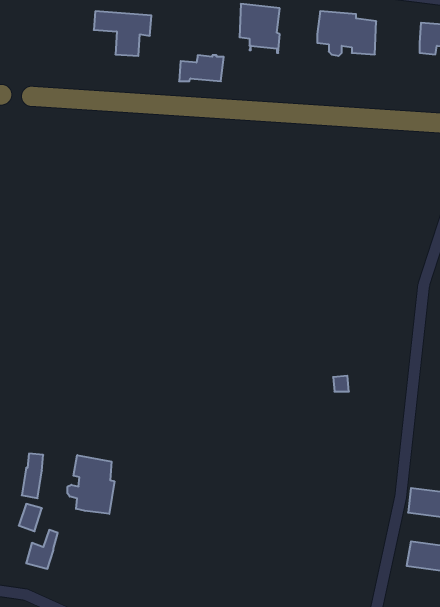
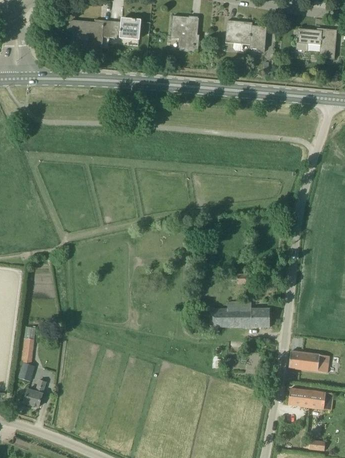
building: [179,55,224,81] -> [109,19,140,37]
building: none -> [209,301,269,327]
building: [67,455,114,514] -> none

